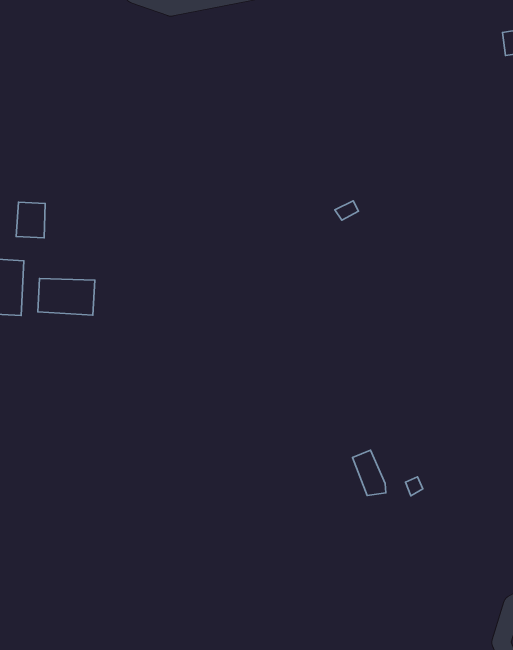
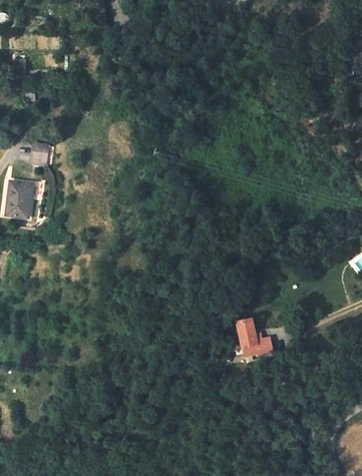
building: [38,278,95,315] -> none

